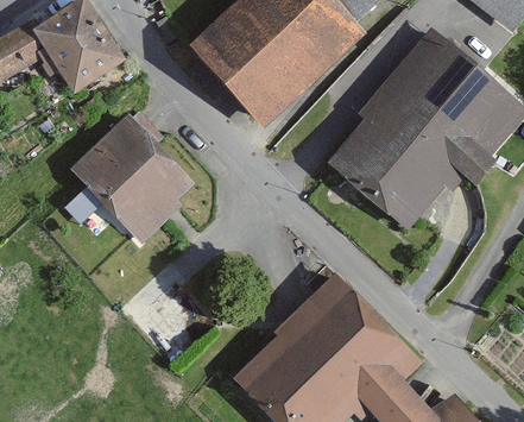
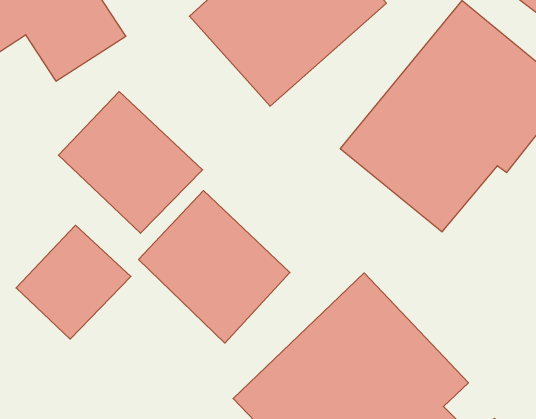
building: none -> [139,191,290,343]
building: none -> [16,225,131,339]

